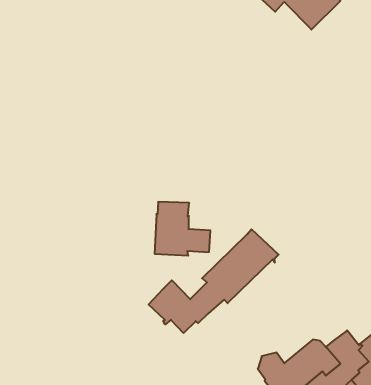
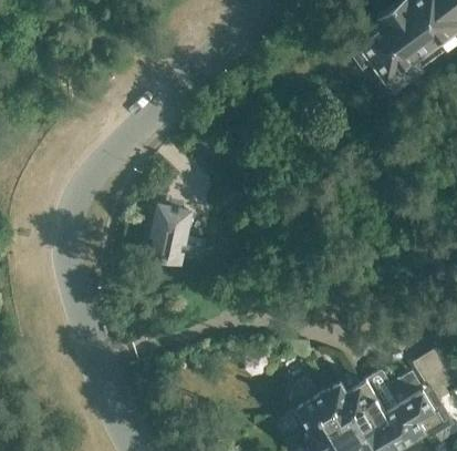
building: [155,202,210,256] -> [145,214,200,268]
building: [149,229,279,333] -> none

